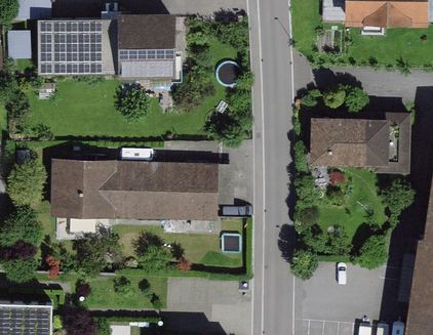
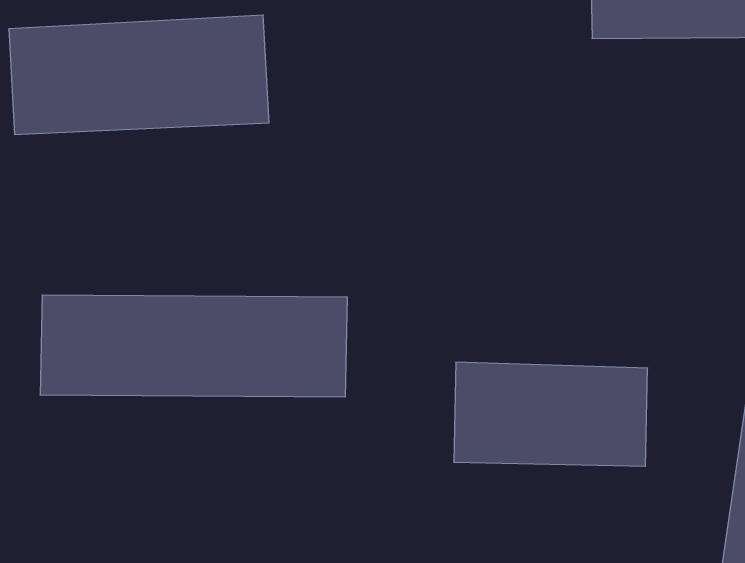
building: [312,118,414,172] -> [454,362,648,466]

